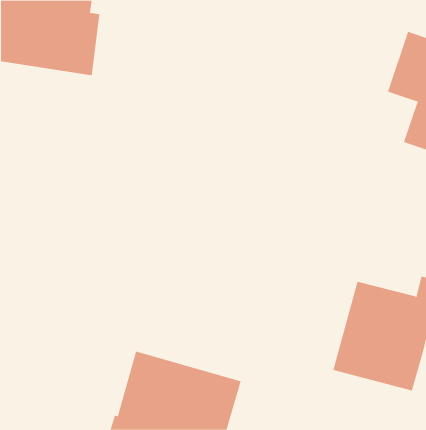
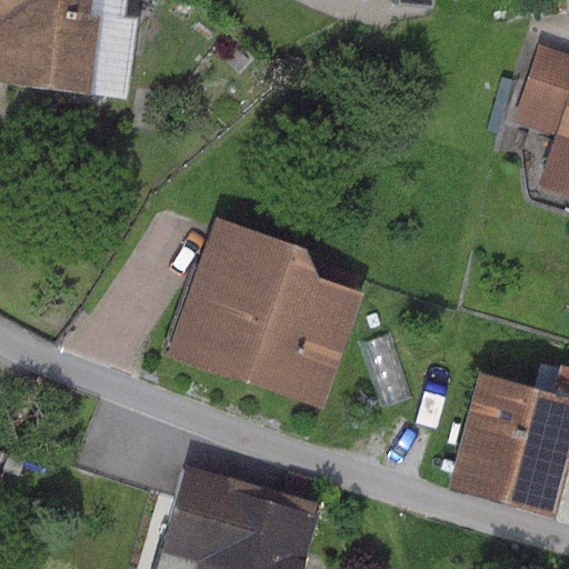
building: none -> [167,219,363,410]

